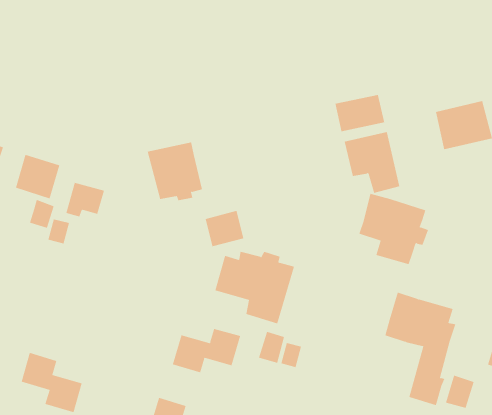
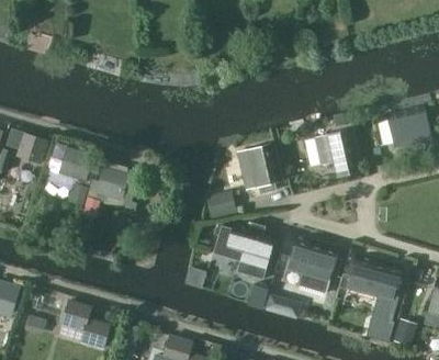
building: [335,94,385,132] -> none
building: [147,142,203,201] -> [233,145,277,191]
building: [359,193,429,265] -> [284,237,339,293]
building: [172,328,241,373] -> none

